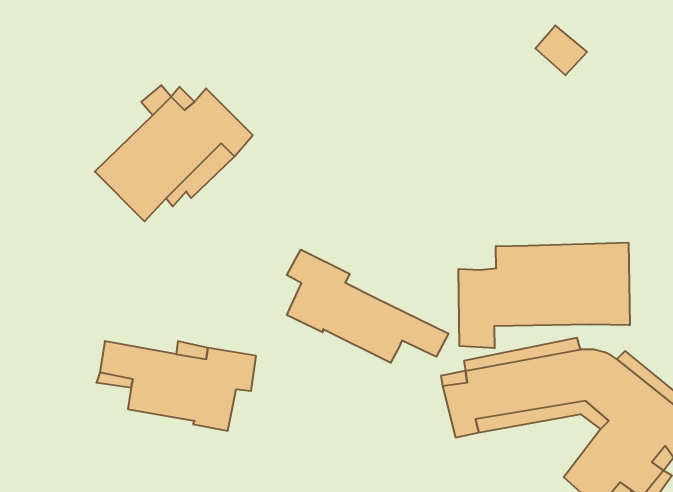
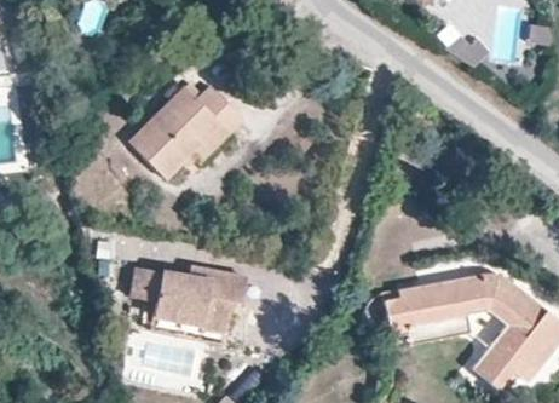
building: [458,243,630,348] -> none
building: [287,250,448,363] -> none

